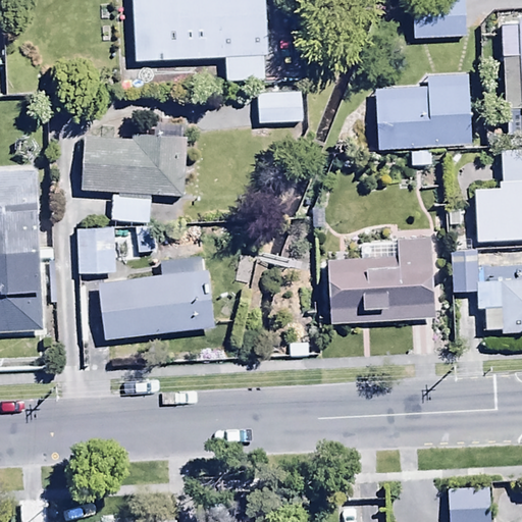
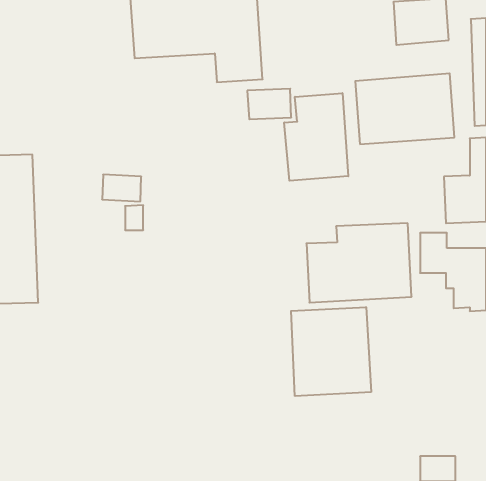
building: none -> [284,93,348,181]
building: [80,128,185,188] -> none
building: [75,221,110,272] -> none
building: [105,271,224,345] -> none
building: none -> [291,307,371,396]

